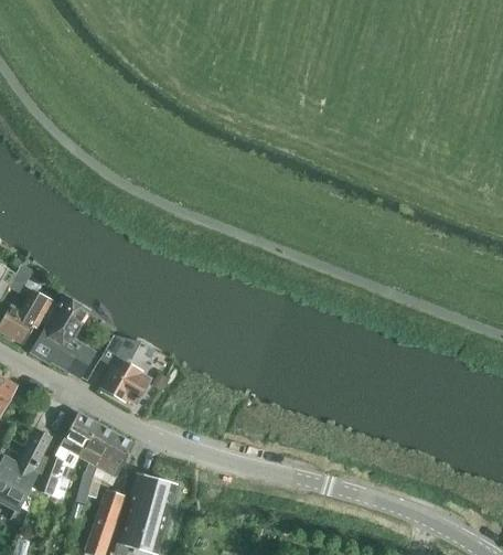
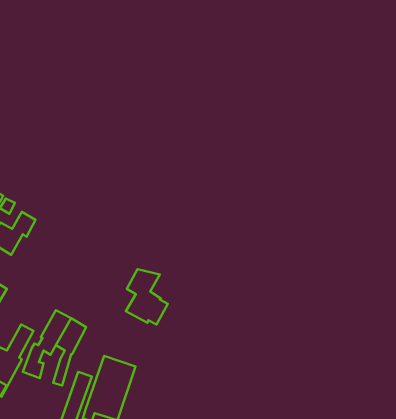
building: [32,297,95,378] -> none
building: [99,337,151,405] -> [126,269,168,325]
building: [98,435,135,478] -> none

